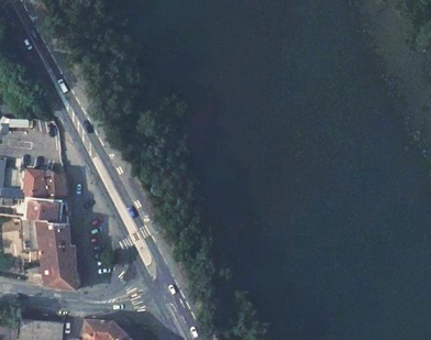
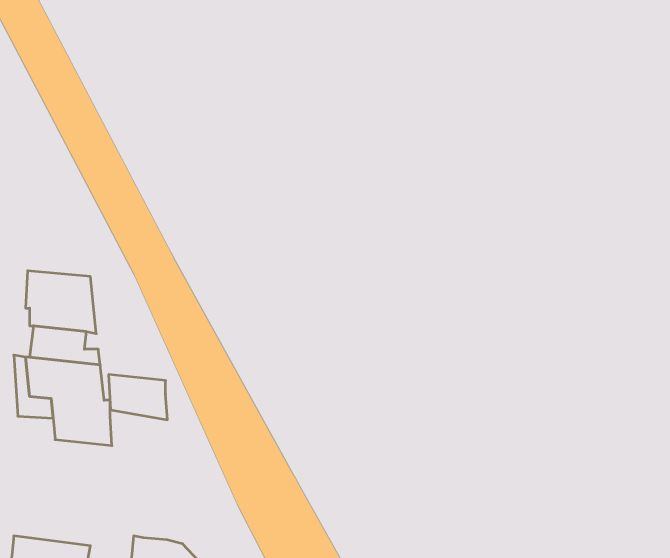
building: [43,265,76,290] -> [109,375,167,420]

